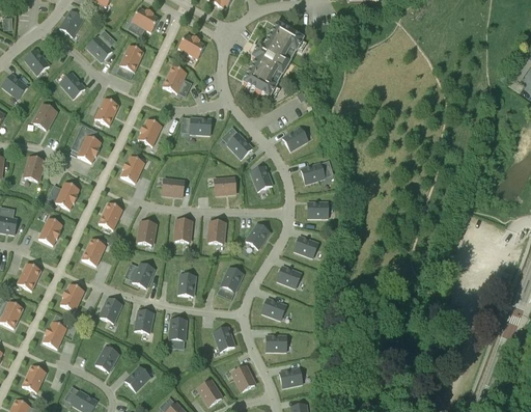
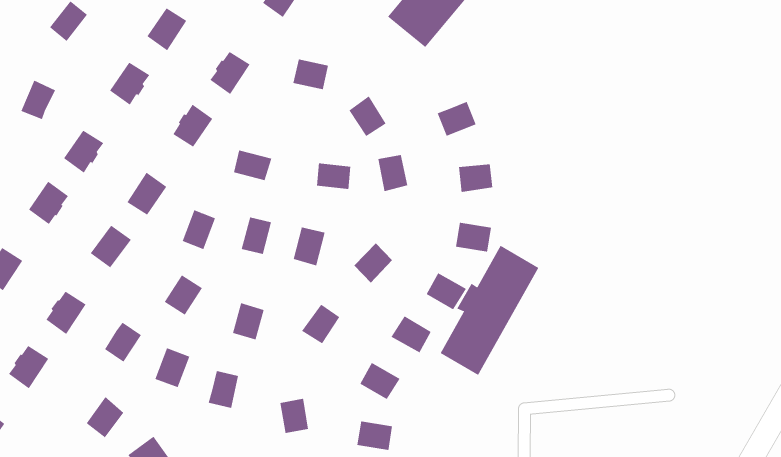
building: none -> [440,245,539,376]

